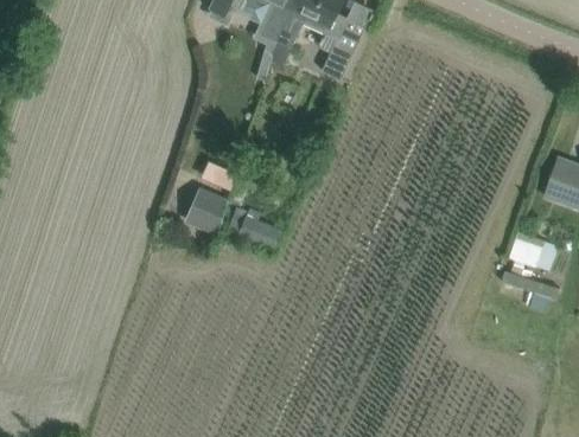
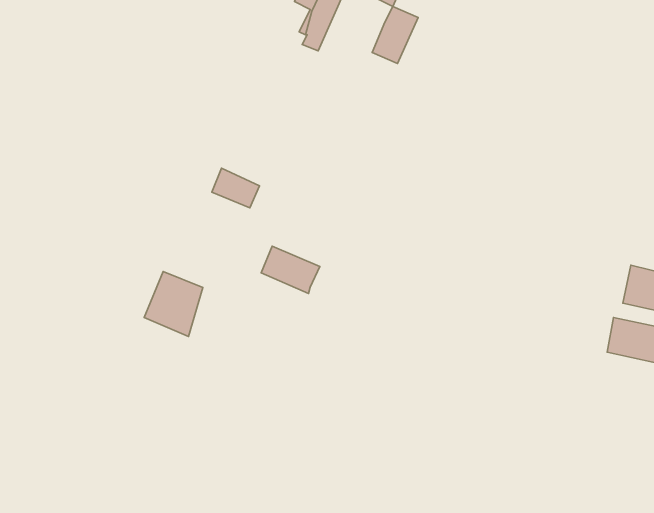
building: [184,191,228,239] -> [144,272,203,337]

